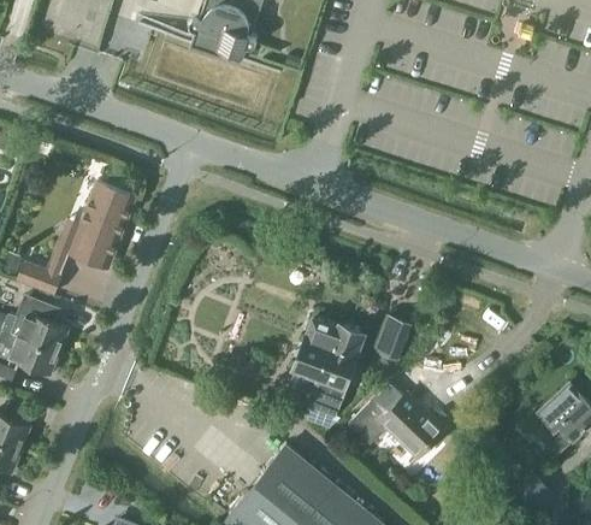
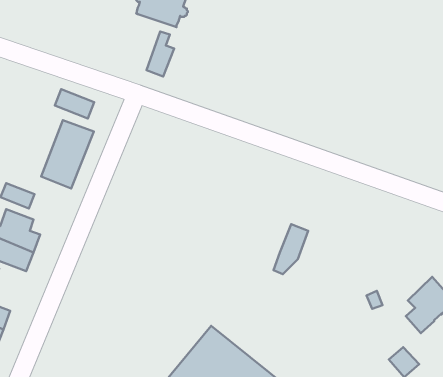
building: none -> [146,32,174,76]
building: none -> [55,89,94,118]
building: [288,318,362,430] -> none
building: [347,391,443,458] -> none

